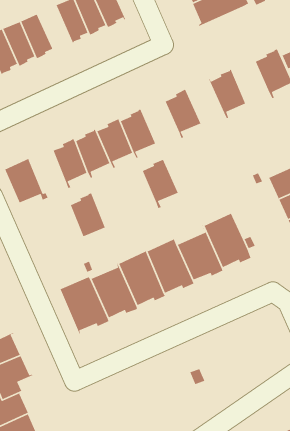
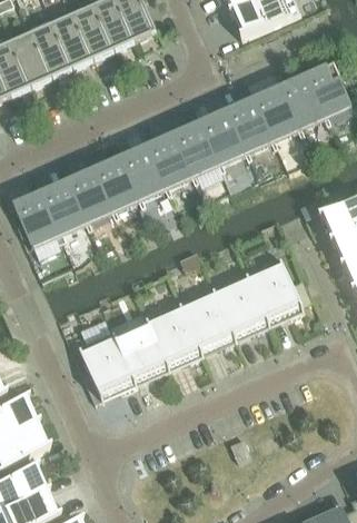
building: none -> [51,12,92,67]
building: none -> [278,76,323,135]
building: none -> [225,99,269,158]
building: [141,159,179,209] -> [172,122,217,181]
building: [70,193,106,237] -> [42,180,85,233]

